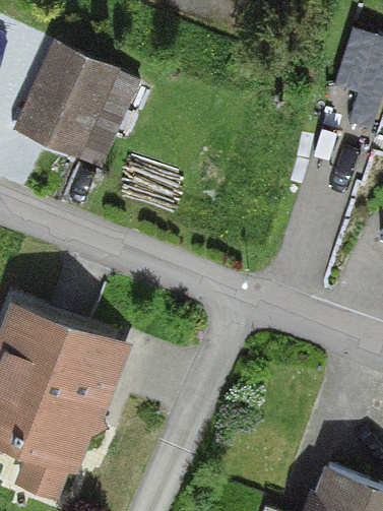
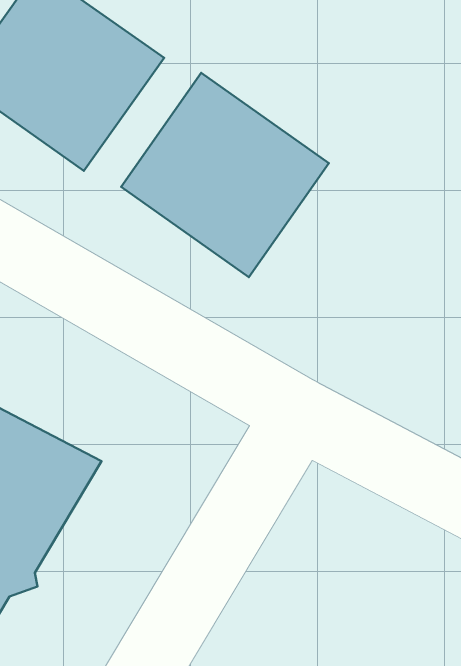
building: none -> [121,73,329,277]

